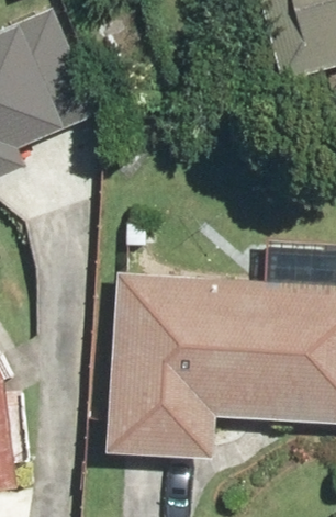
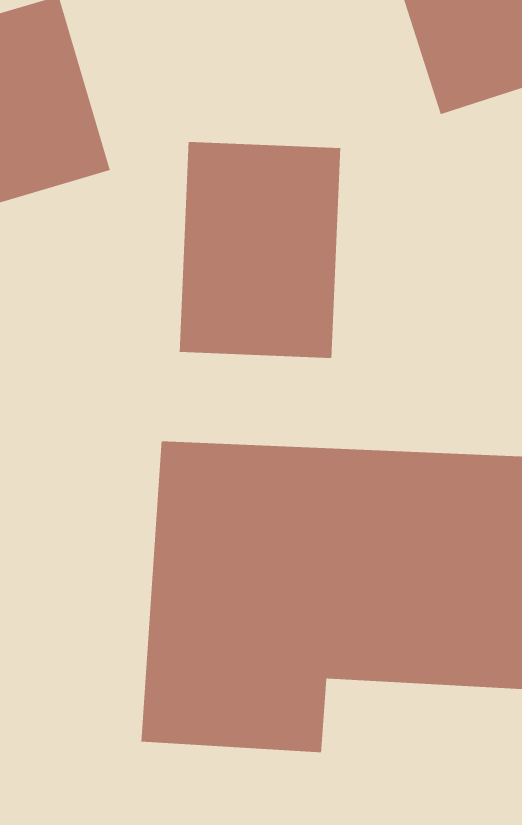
building: none -> [179,141,341,359]

